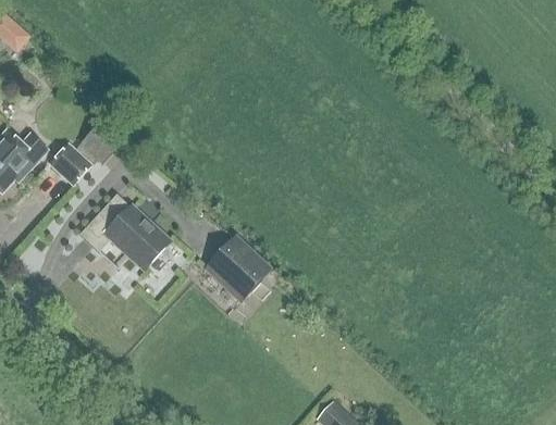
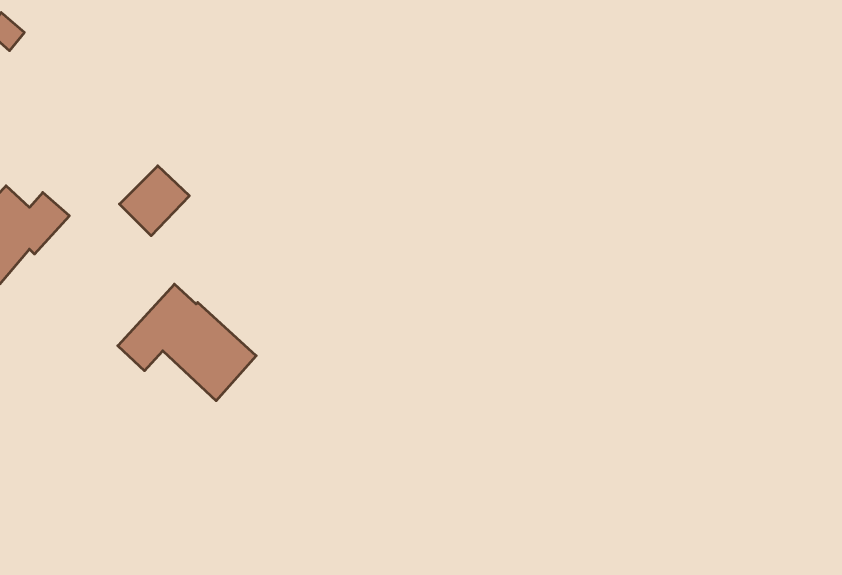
building: [50,145,90,185] -> none
building: [207,237,269,298] -> none

